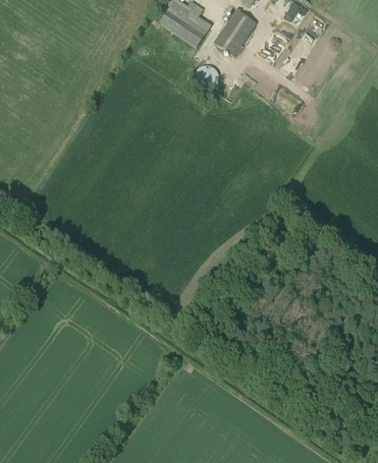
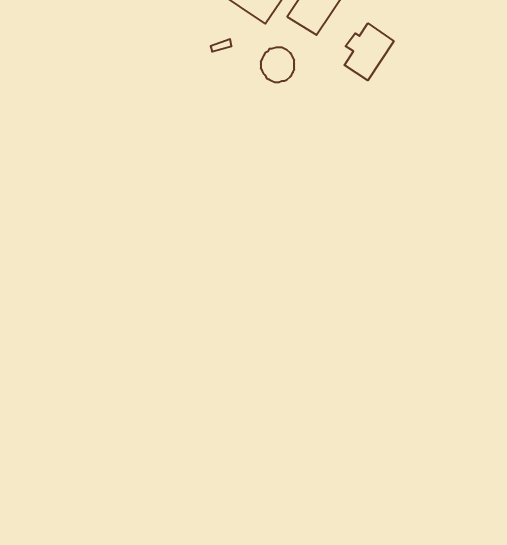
building: none -> [344,23,394,80]

